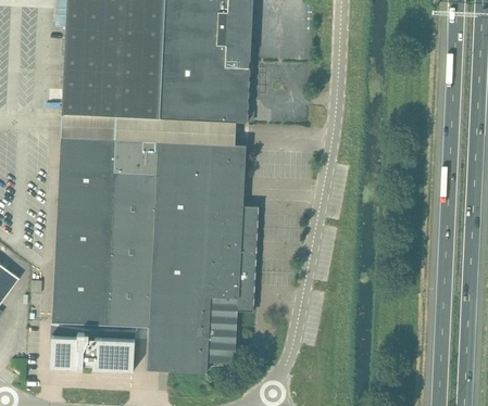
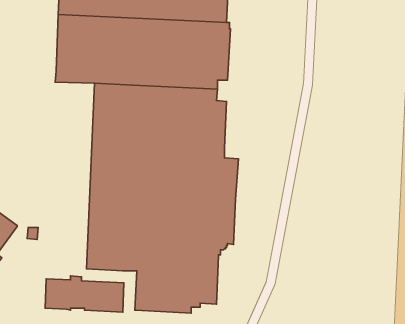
building: [52,124,103,325] -> none

